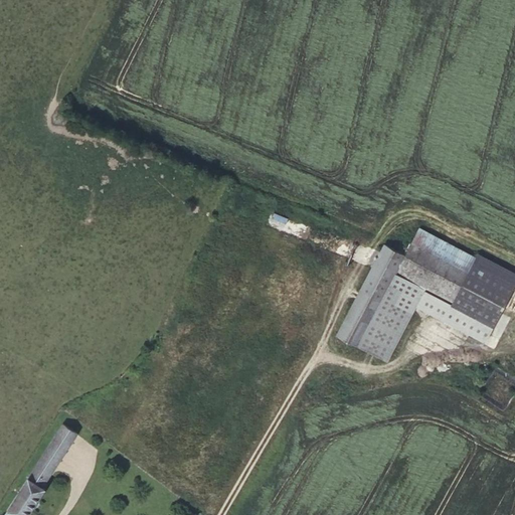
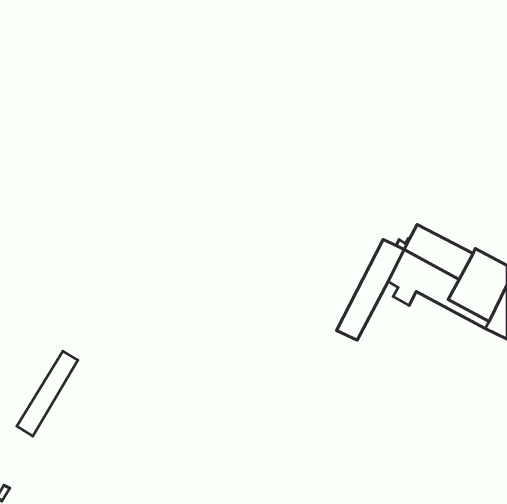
building: [360,290,412,363] -> none
building: [12,423,73,509] -> [17,351,78,436]

